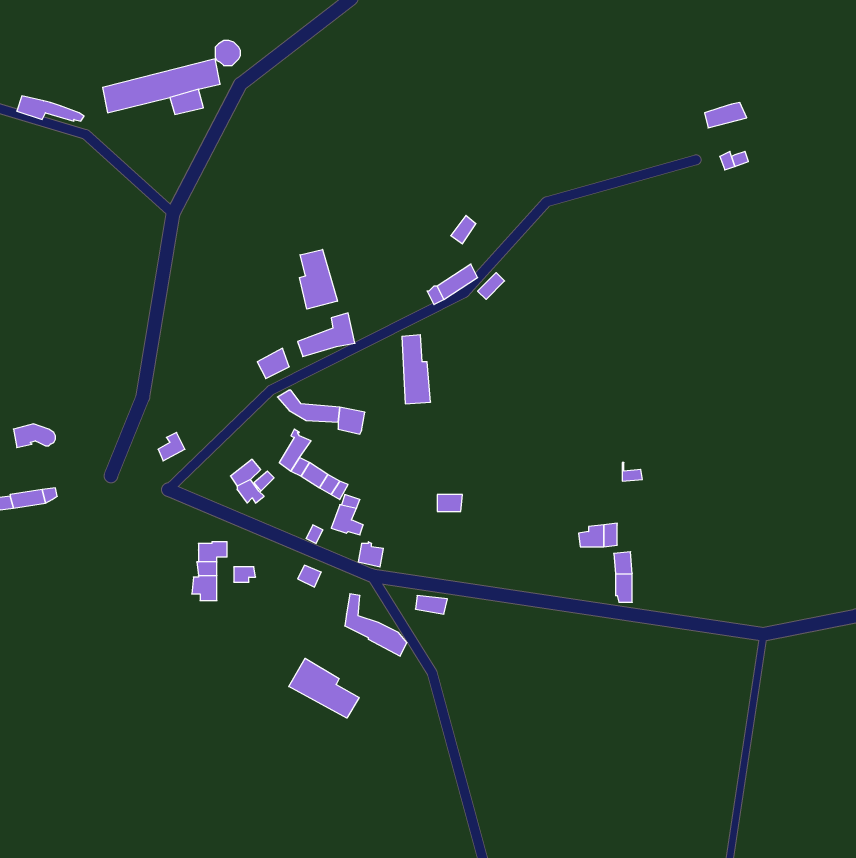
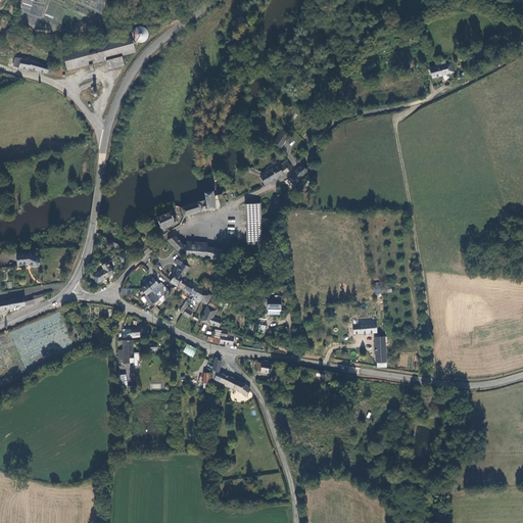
building: [300,249,337,309] -> none
building: [289,658,359,718] -> none

